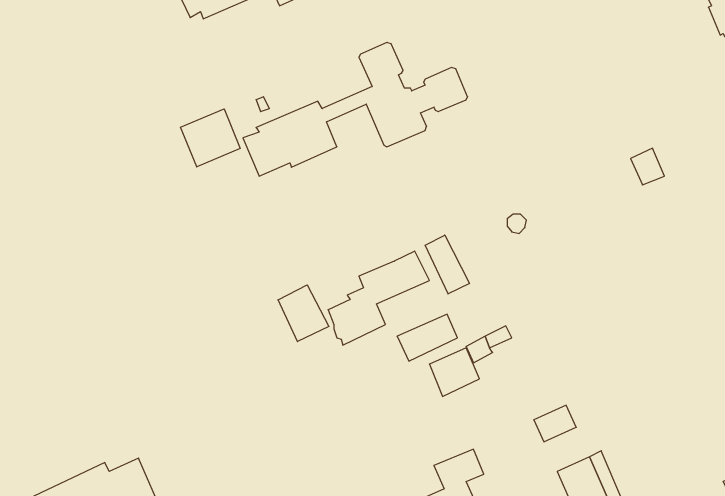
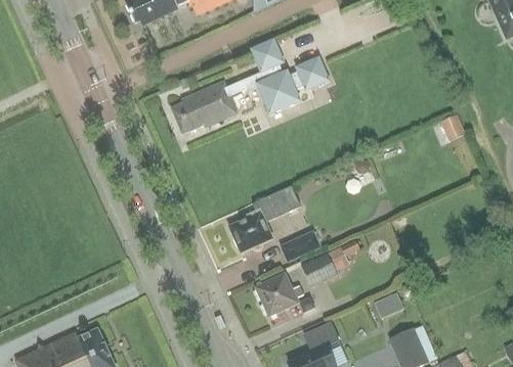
building: [180,109,240,167] -> none
building: [425,235,469,294] -> none
building: [278,285,329,342] -> none
building: none -> [255,272,304,316]

